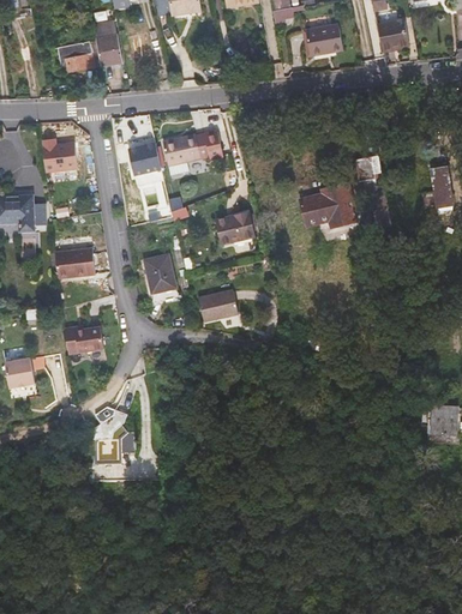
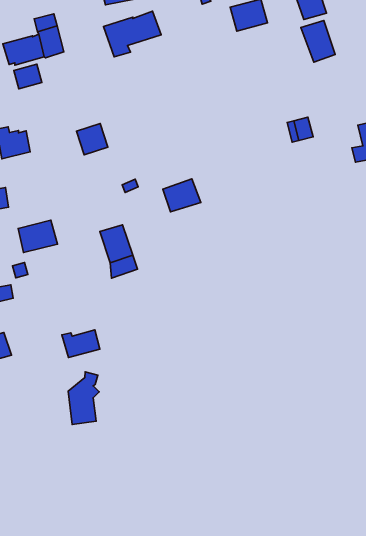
building: none -> [301,20,335,62]
building: none -> [14,64,42,89]
building: [162,130,223,175] -> [104,11,161,57]
building: [298,181,359,229] -> none
building: [198,289,238,323] -> none
building: [67,321,107,349] -> [62,330,100,358]

